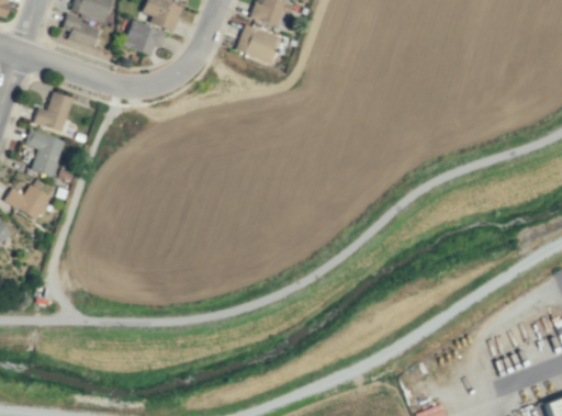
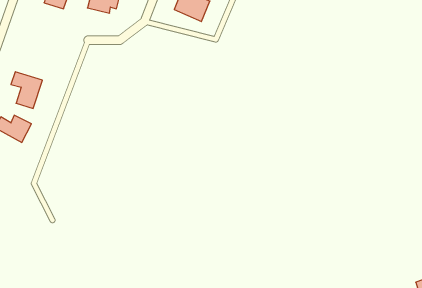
building: [34,91,74,133] -> none

